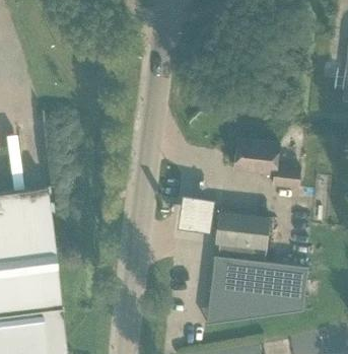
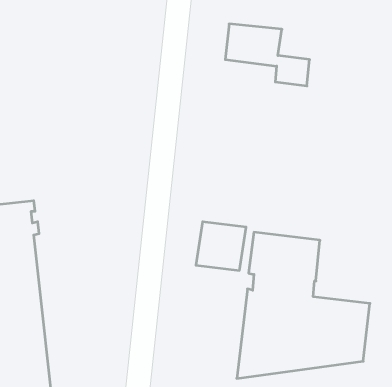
building: [236,142,301,190] -> [225,24,310,86]

